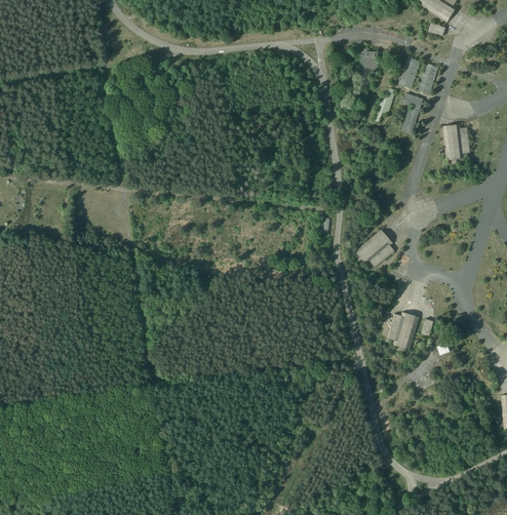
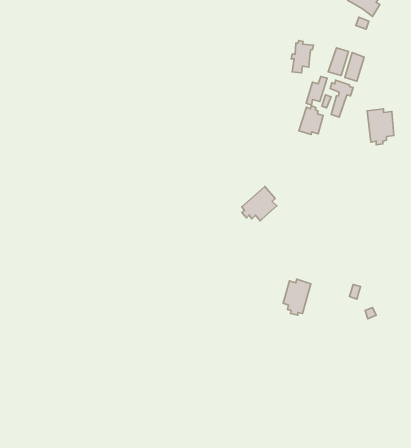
building: none -> [299,106,323,135]
building: [355,229,394,267] -> [242,187,277,221]
building: [387,312,418,352] -> [283,279,311,315]

